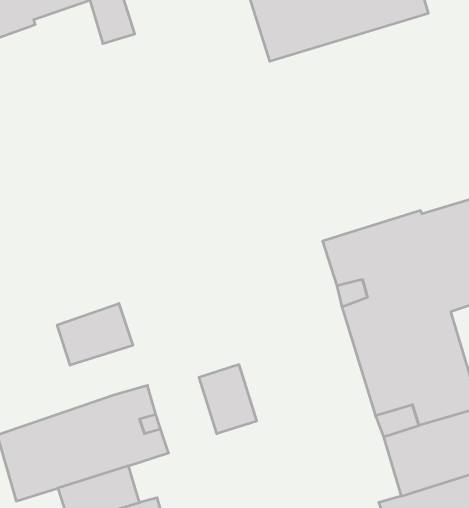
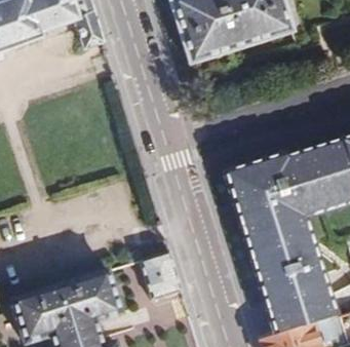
building: [57,303,133,365] -> none

